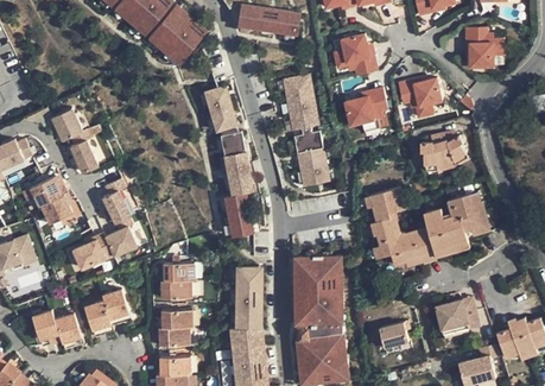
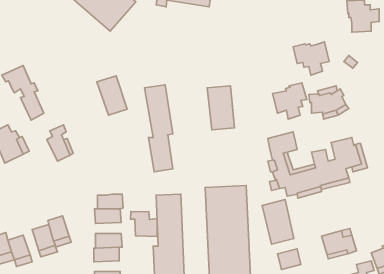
building: [335,36,379,77] -> none
building: [283,72,322,129] -> none
building: [202,83,239,131] -> [97,76,127,115]
building: [349,89,391,133] -> [273,83,307,119]
building: [70,224,133,267] -> none
building: none -> [262,200,294,244]
building: none -> [130,212,157,236]

